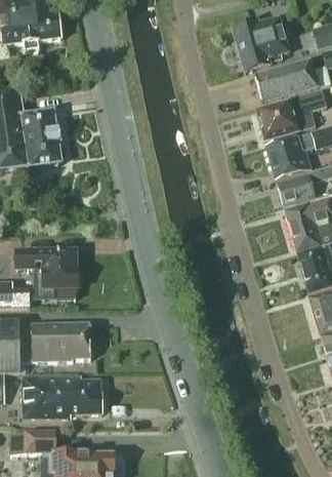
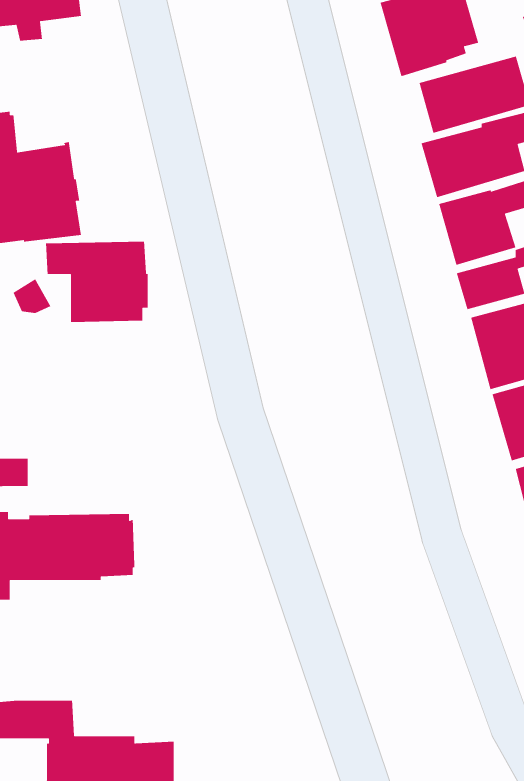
building: [18,248,78,295] -> [45,241,148,323]
building: [23,374,102,416] -> none

